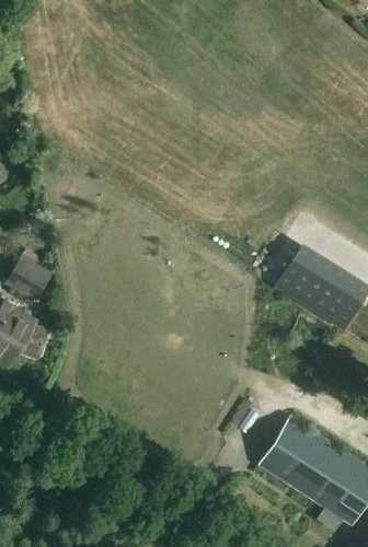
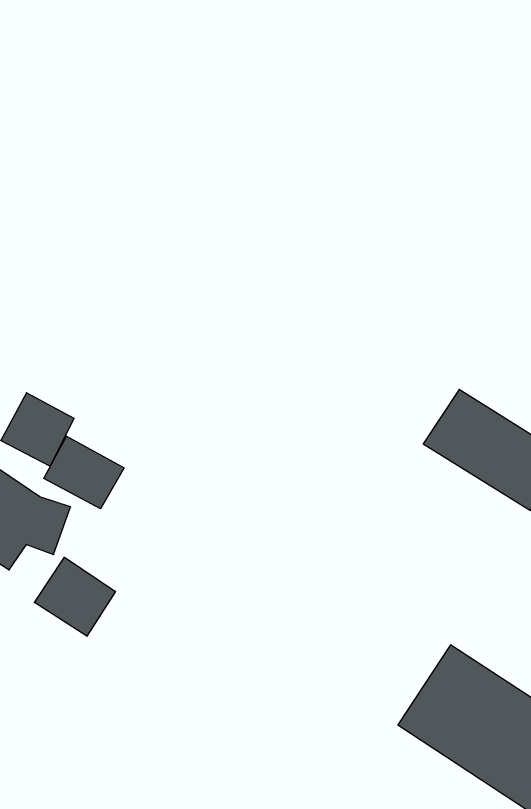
building: none -> [44,436,124,509]
building: none -> [34,557,115,636]

